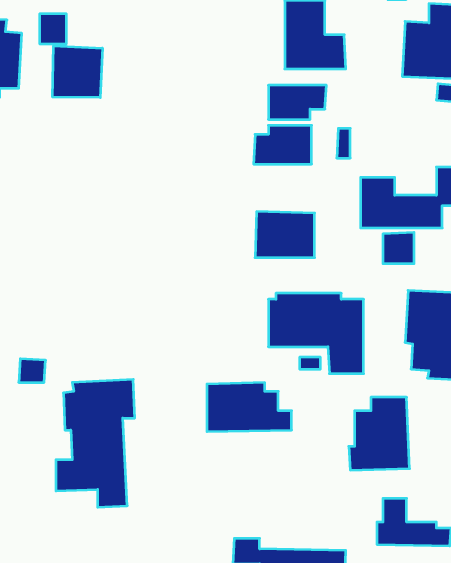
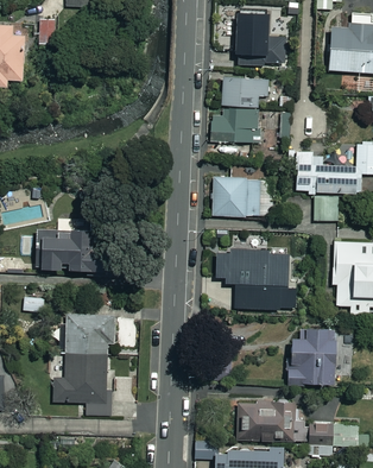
building: [53,46,102,98] -> none
building: none -> [34,220,96,271]
building: [207,383,292,432] -> [236,401,304,441]

